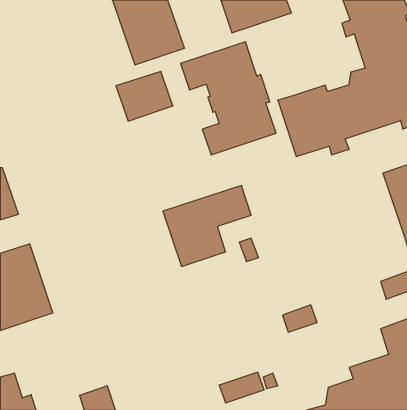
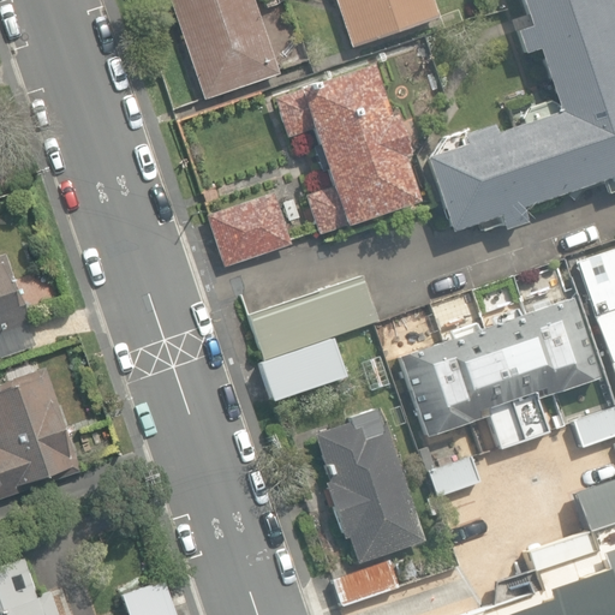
building: [116,71,173,121] -> [208,191,293,265]
building: none -> [399,298,598,449]
building: none -> [315,406,425,561]

